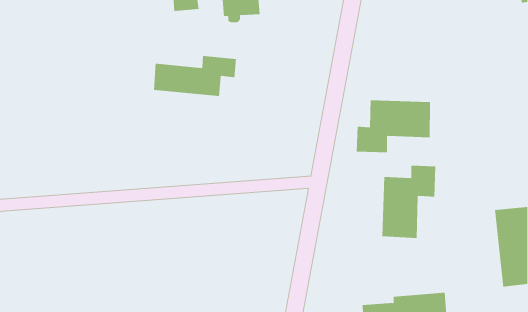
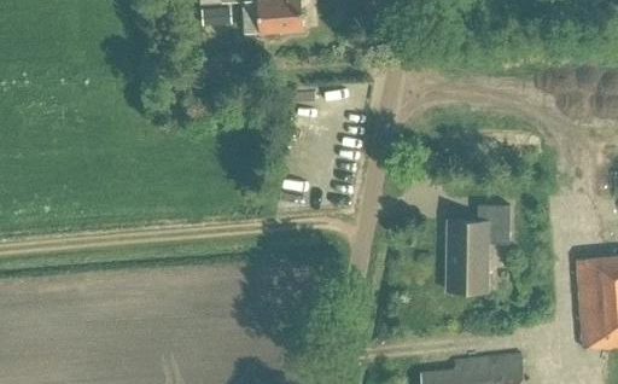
building: [153,55,237,97] -> none
building: [356,100,430,153] -> none

